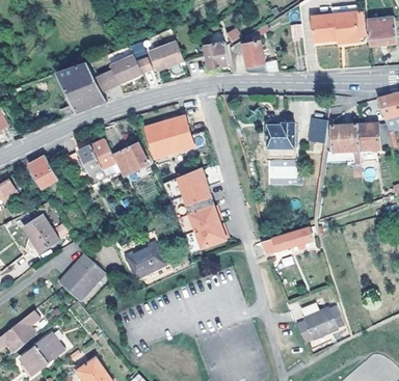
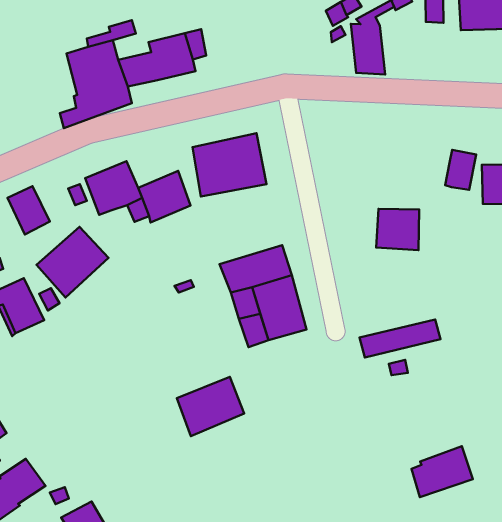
building: [151,40,184,69] -> none
building: [206,43,229,70] -> none
building: [266,123,293,151] -> none
building: [160,166,207,200] -> none
building: [121,242,164,281] -> [177,377,244,436]
building: [59,254,105,300] -> [37,227,109,297]

